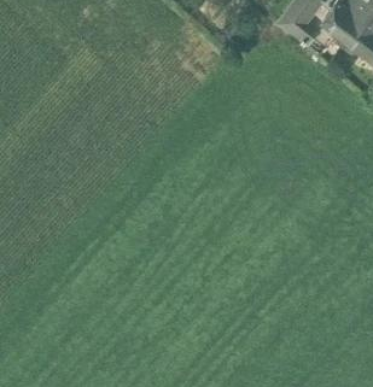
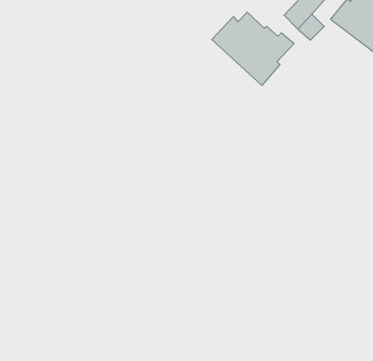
building: none -> [212,12,294,85]

